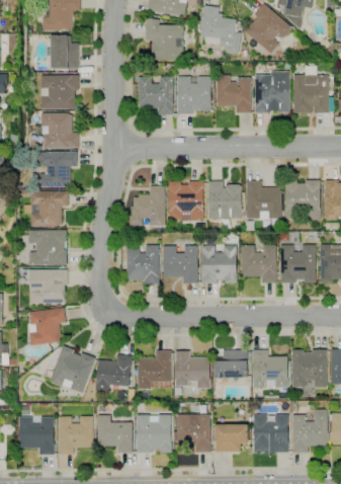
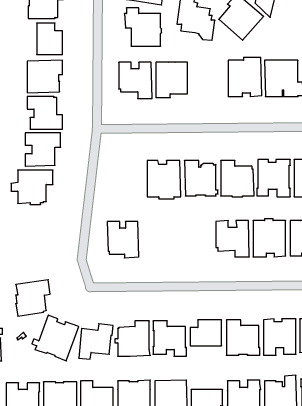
building: [216,75,250,113] -> none
building: [129,183,166,226] -> none
building: [28,230,67,265] -> none
building: [201,245,237,284] -> none
building: [162,246,197,284] -> none
building: [29,269,67,304] -> none

